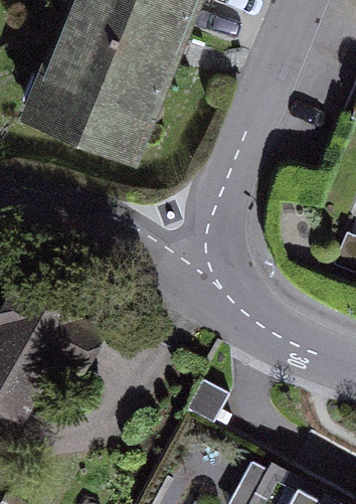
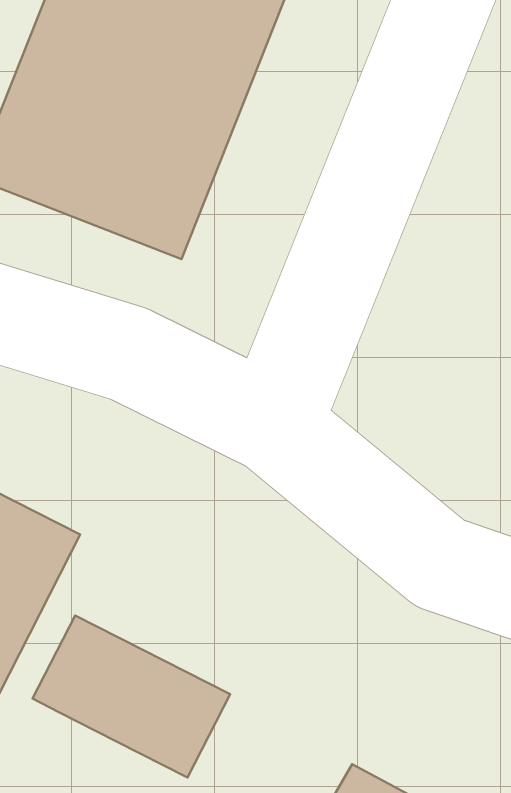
building: none -> [33,615,230,778]

